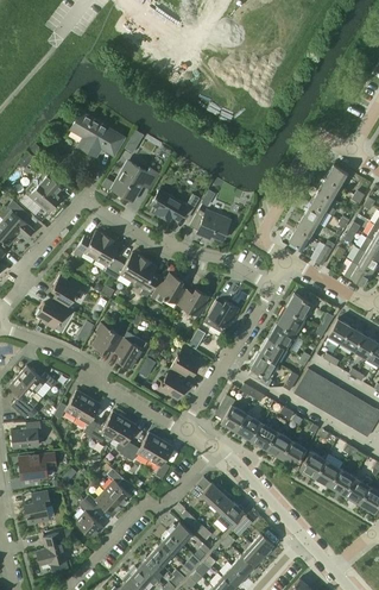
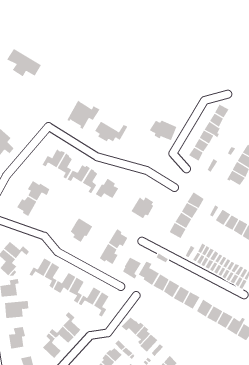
building: [71,113,124,156] -> [6,48,42,77]
building: [27,170,64,213] -> none
building: [190,211,232,241] -> [149,120,177,141]
building: [178,289,209,318] -> none
building: [93,325,124,353] -> none
building: [249,353,278,387] -> [122,257,142,279]

